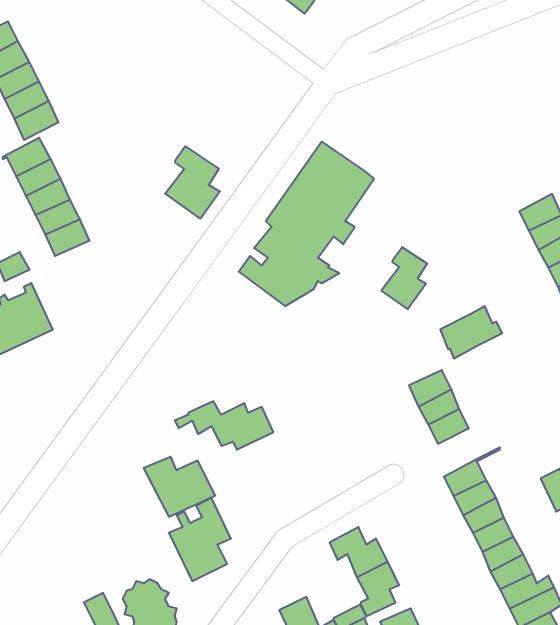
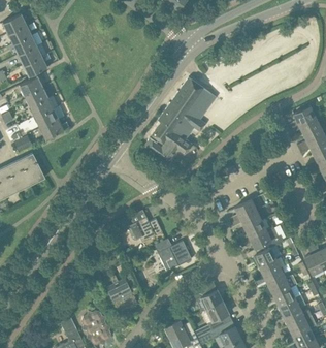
building: [165,146,220,219] -> none
building: [381,247,427,309] -> none
building: [440,306,502,358] -> [250,226,283,254]
building: [144,457,215,517] -> [154,239,192,271]

